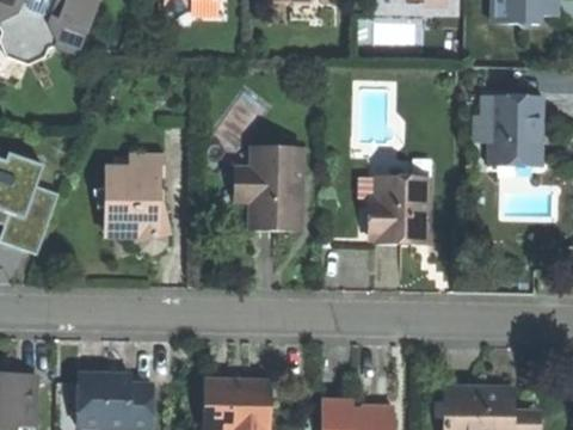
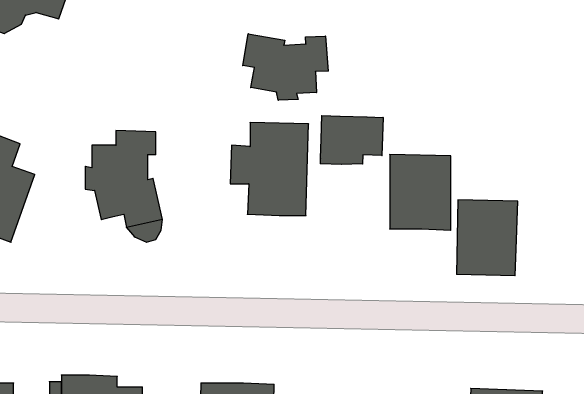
building: none -> [243,34,328,100]
building: [487,97,542,165] -> [457,200,518,276]
building: none -> [320,116,383,164]

